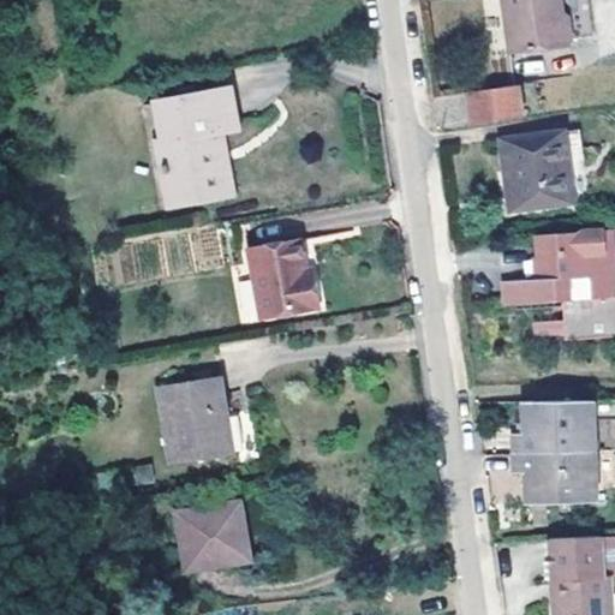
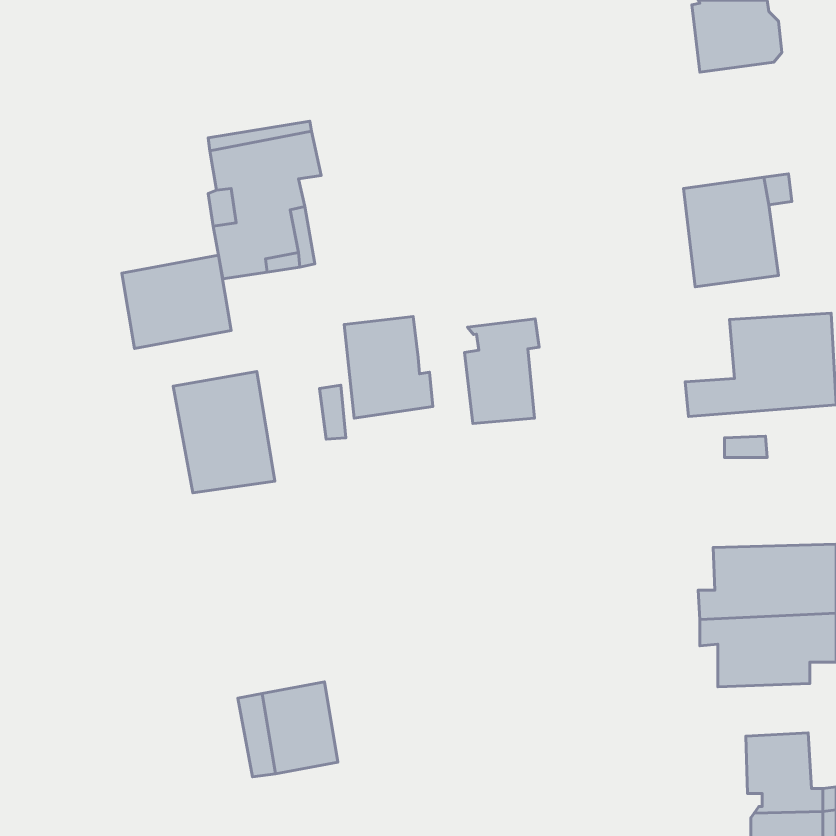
building: [472,86,523,125] -> none
building: none -> [122,255,231,349]
building: none -> [464,319,539,424]
building: [156,375,231,464] -> [173,371,275,493]

